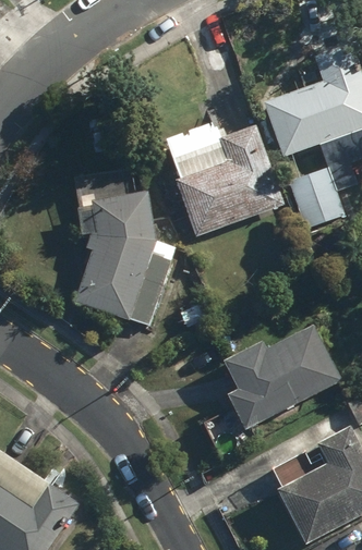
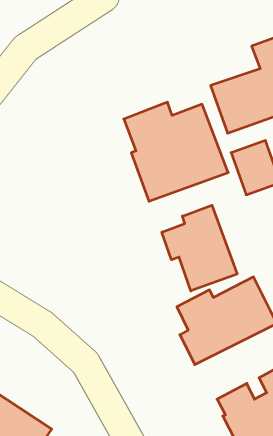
building: [71,166,178,327] -> none
building: none -> [162,205,237,291]

